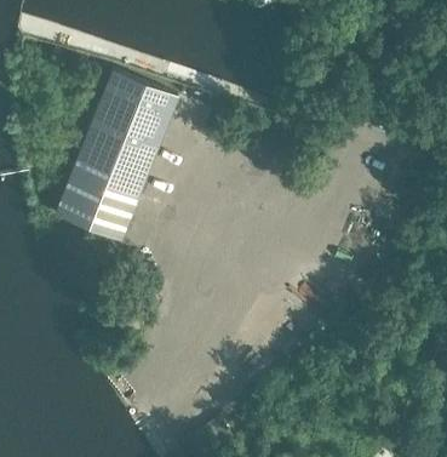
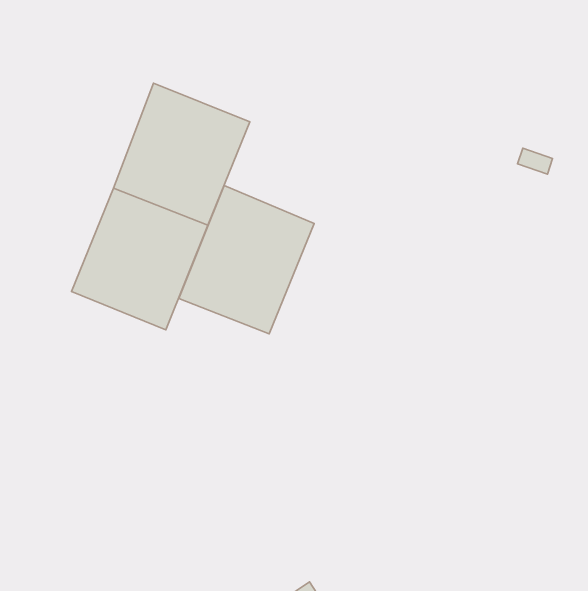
building: none -> [179,185,314,334]

